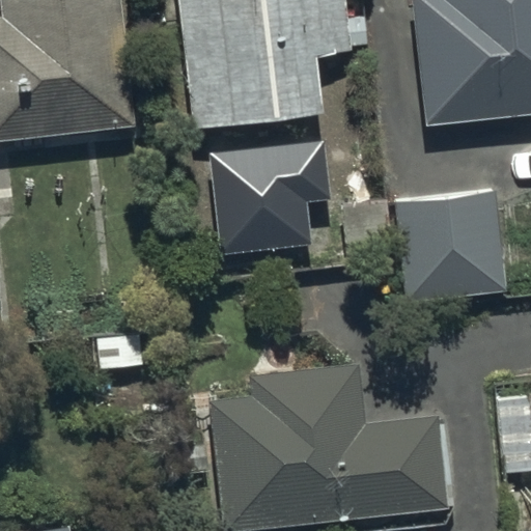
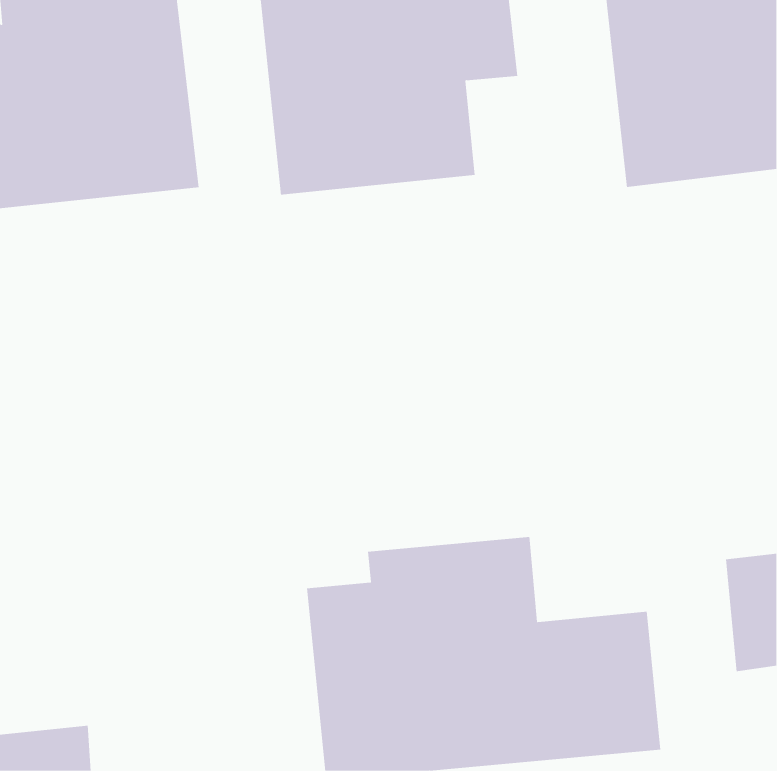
building: [209,137,328,248] -> none
building: [395,191,507,303] -> none

